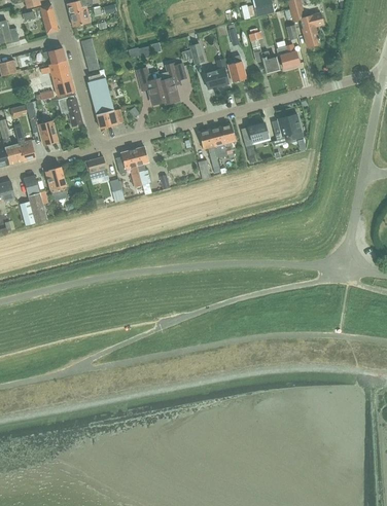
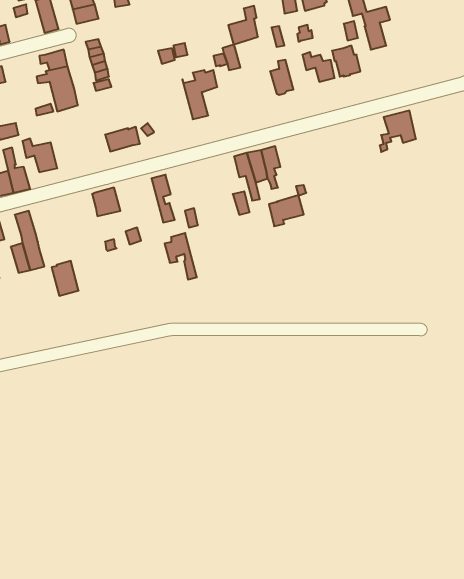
building: [204,58,227,88] -> [228,6,258,45]
building: [137,67,166,103] -> none
building: [87,77,114,114] -> none
building: [58,95,83,125] -> none
building: [274,113,303,146] -> [380,111,416,152]
building: [241,121,269,146] -> [269,195,304,226]
building: [116,149,142,186] -> [165,233,197,280]
building: [45,167,67,194] -> [52,261,79,296]

